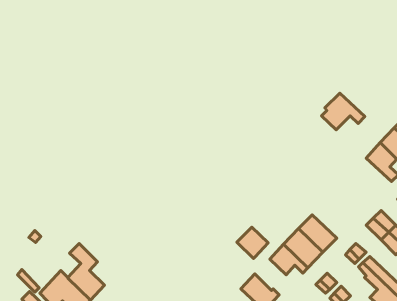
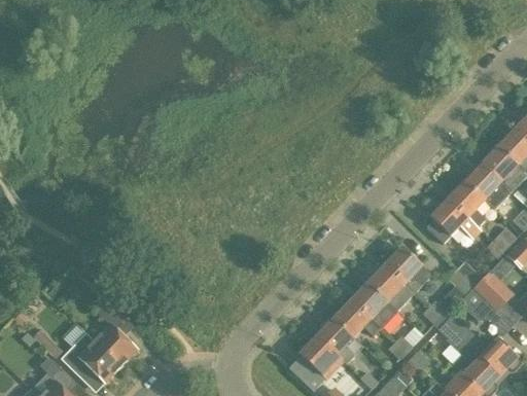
building: [321,93,365,130] -> [425,200,477,243]
building: none -> [383,247,430,294]
building: [237,227,268,259] -> [315,319,352,356]

